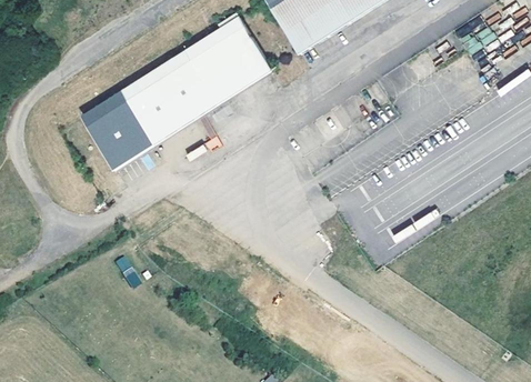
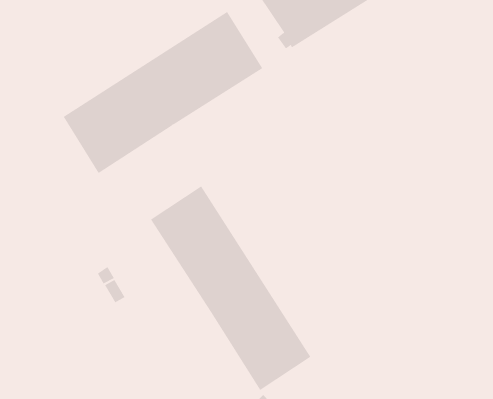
building: none -> [150,185,311,391]

